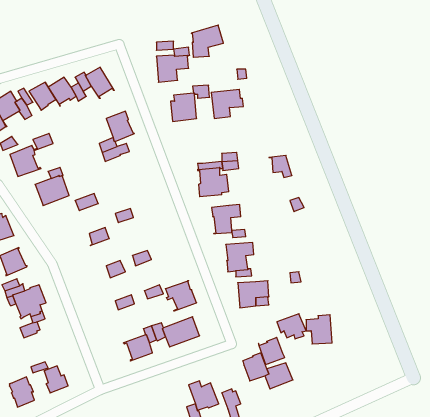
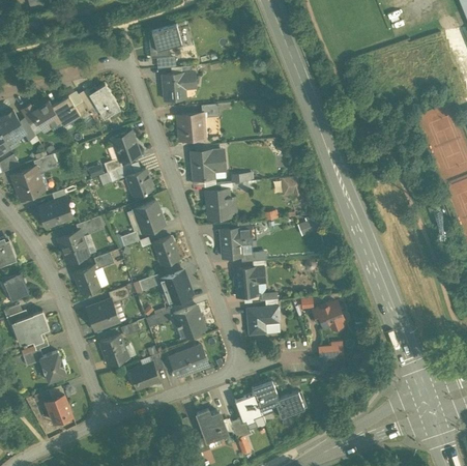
building: [191,25,223,57] -> [148,25,181,58]
building: [211,89,243,118] -> [192,150,225,180]
building: none -> [126,169,153,197]
building: none -> [134,202,167,231]
building: none -> [58,231,88,261]
building: none -> [154,237,179,265]
building: none -> [74,266,100,294]
building: none -> [160,271,192,302]
building: none -> [87,300,119,330]
building: none -> [99,334,128,366]
building: [277,314,306,339] -> [314,302,344,328]
building: [259,337,285,365] -> [235,394,262,421]
building: [9,377,34,407] -> [40,351,66,382]

